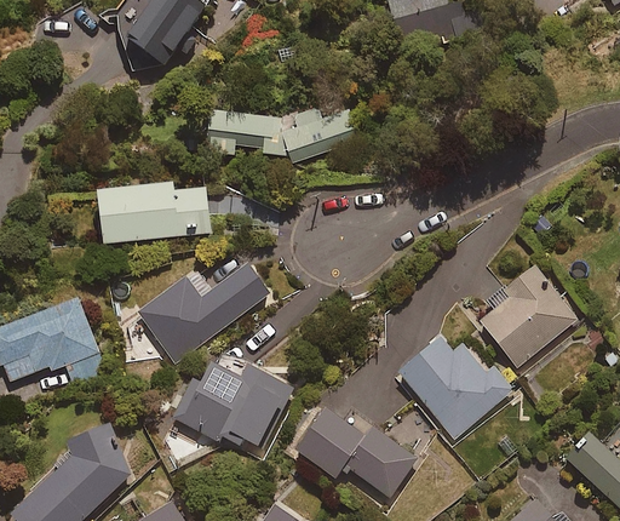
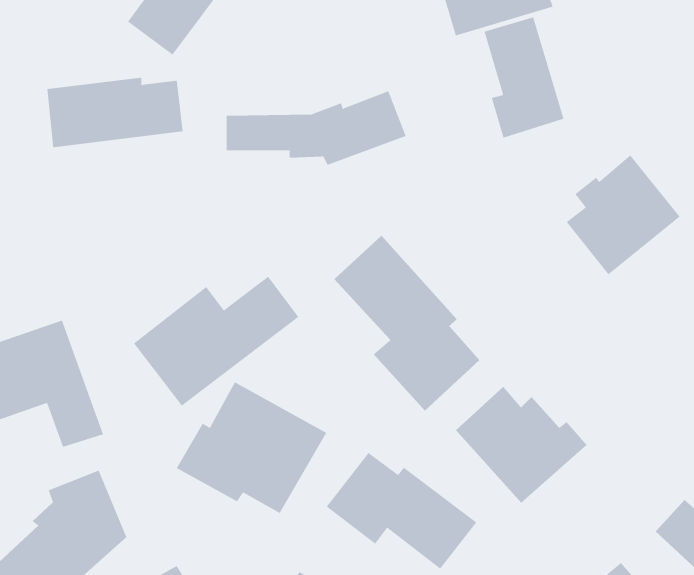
building: none -> [484,16,564,138]
building: [103,191,216,250] -> [47,77,183,148]
building: none -> [334,235,480,411]
building: [481,273,575,372] -> [566,155,680,275]

